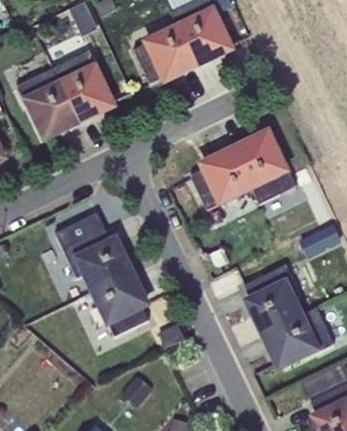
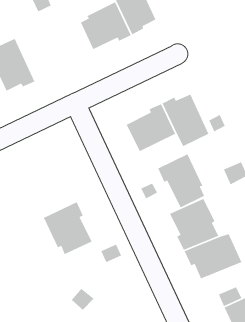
building: [54,52,112,123] -> none
building: none -> [157,153,205,208]
building: [55,212,131,290] -> none

